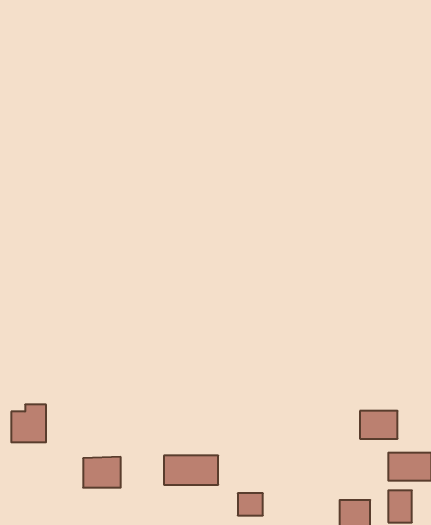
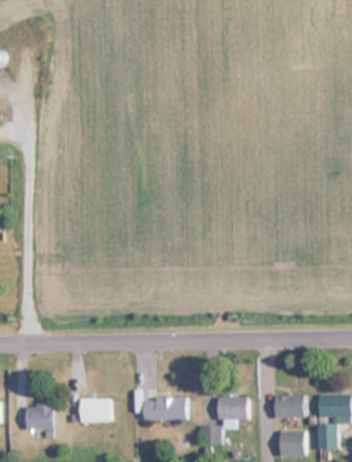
building: [11,405,46,442] -> [26,400,53,429]
building: [360,411,398,439] -> [274,396,303,418]
building: none -> [217,397,247,420]

